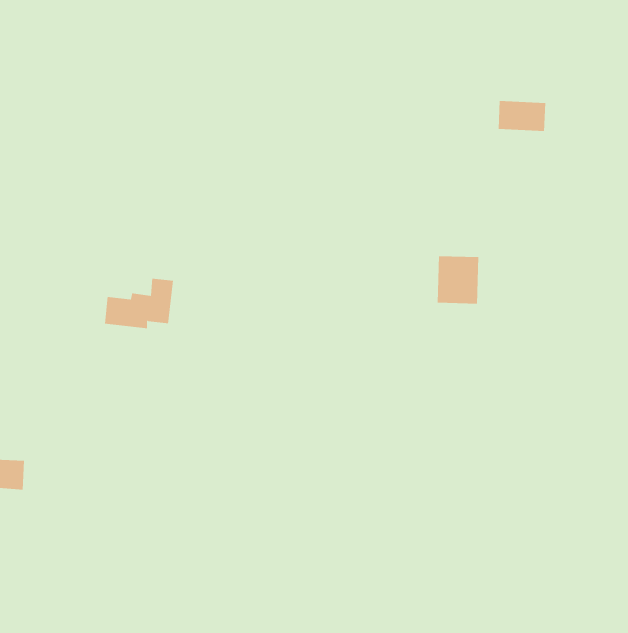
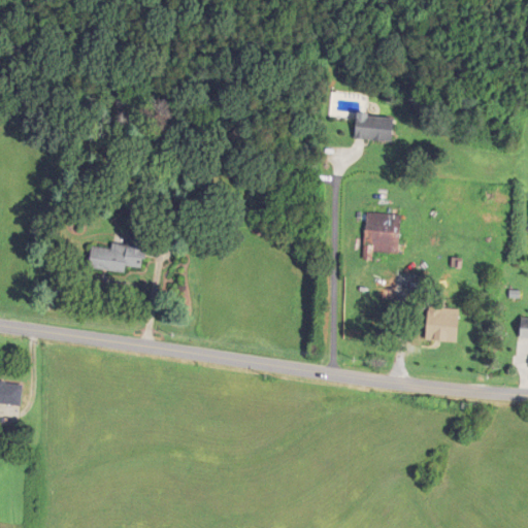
building: [498,100,546,132] -> [354,114,394,140]
building: none -> [425,301,461,342]

